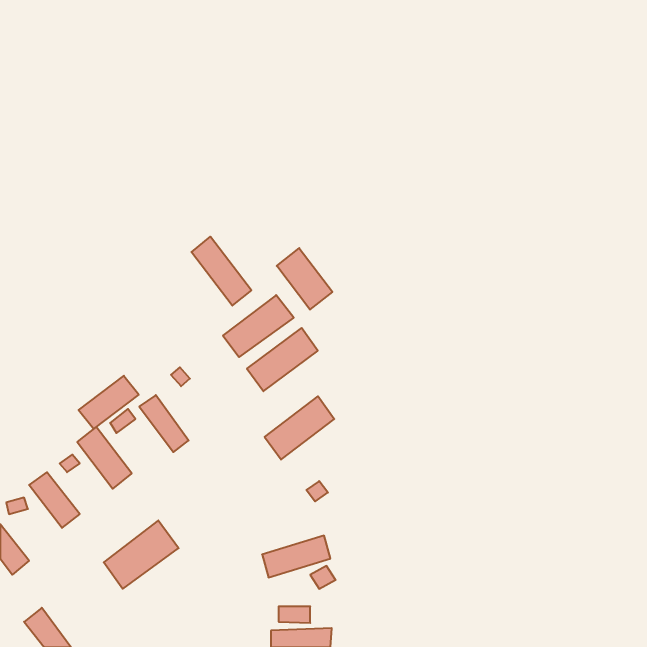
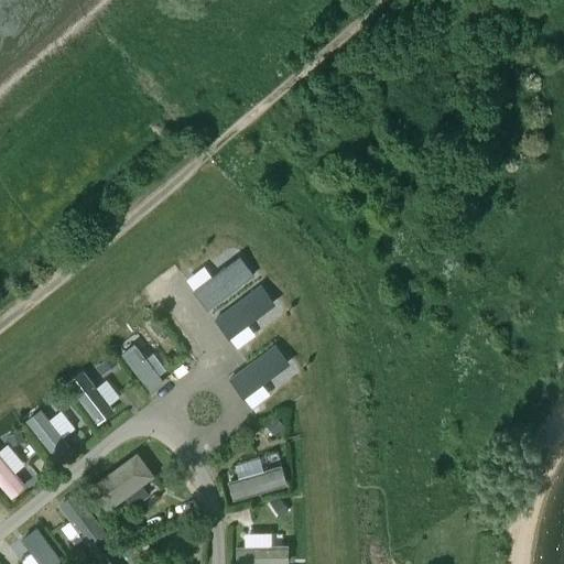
building: [191,237,251,306] -> none
building: [277,248,332,310] -> none
building: [79,376,139,429] -> none
building: none -> [58,494,107,549]

